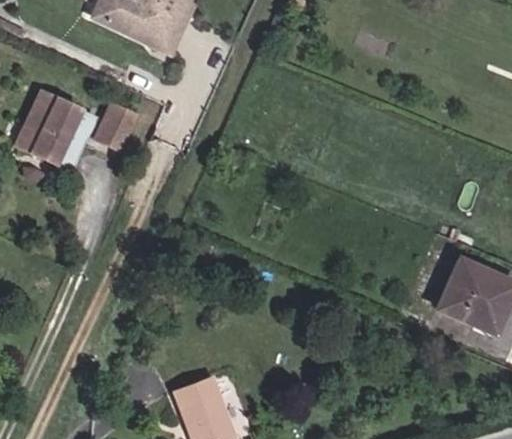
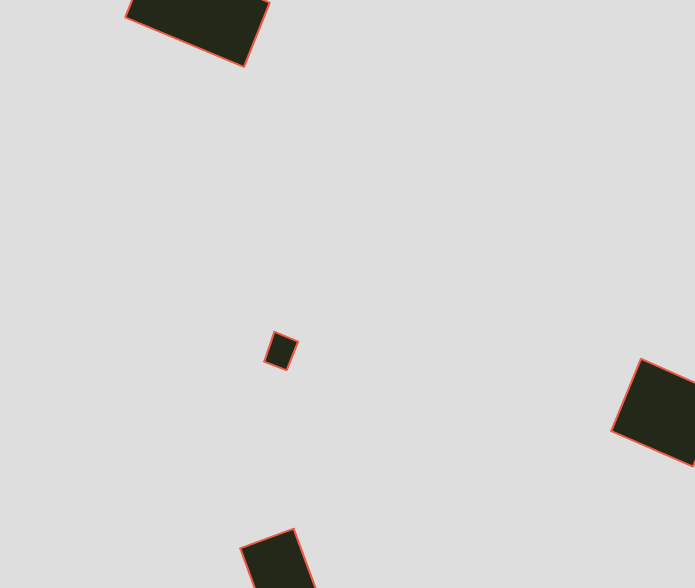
building: [15,91,93,168] -> none
building: [94,103,134,149] -> none

